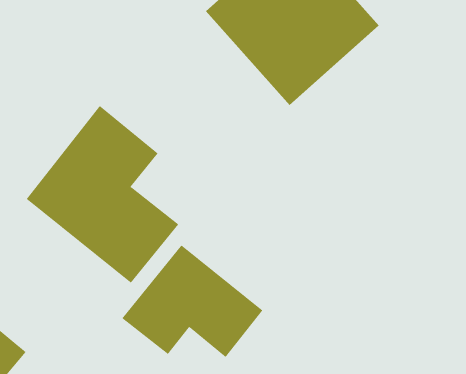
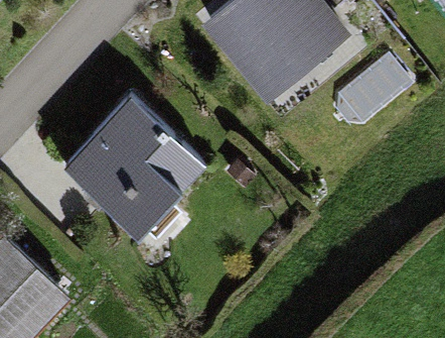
building: [122,245,263,358] -> none

